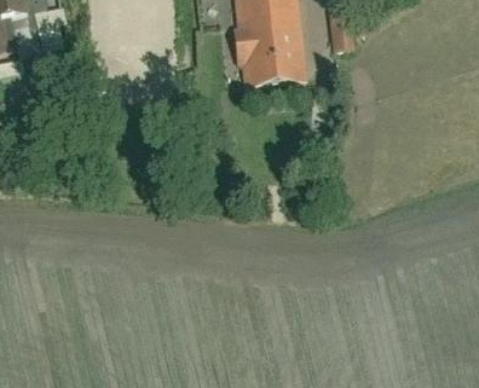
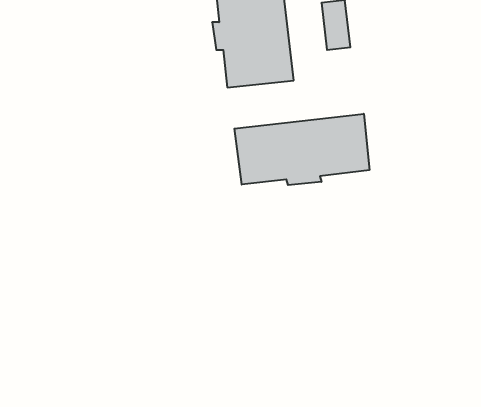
building: none -> [234,114,369,185]

